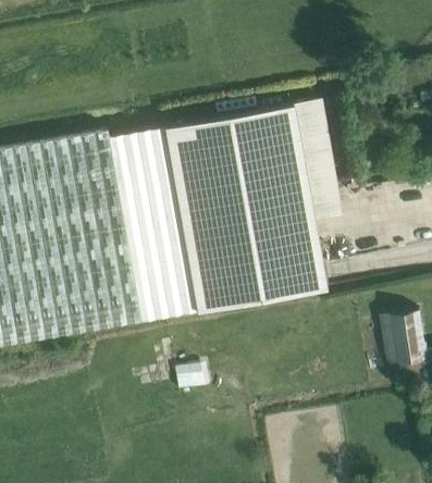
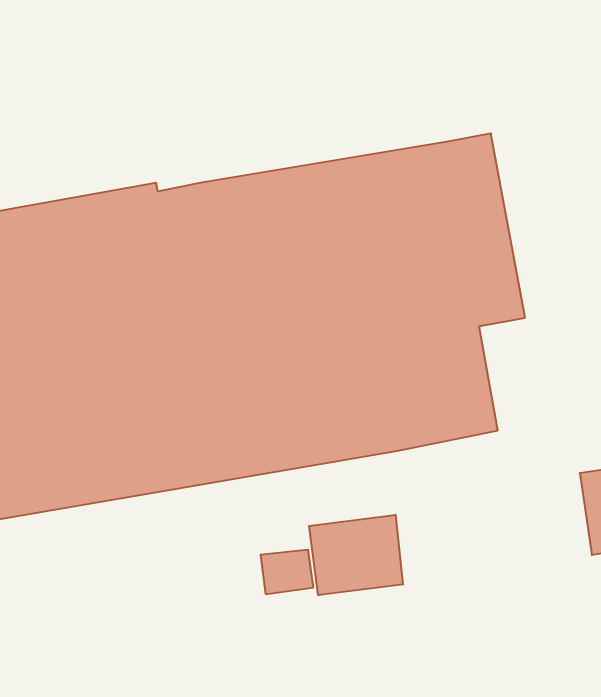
building: none -> [309,515,403,595]

